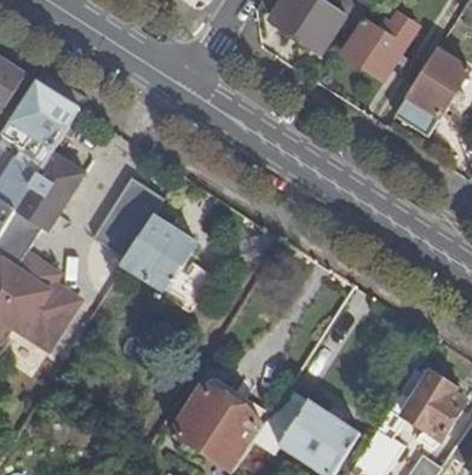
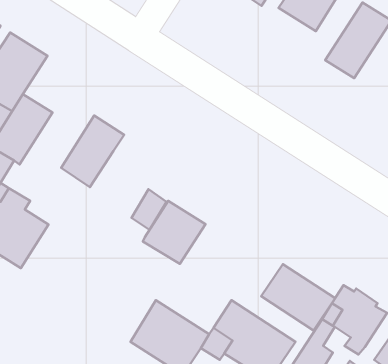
building: [125,216,196,287] -> [143,201,206,264]
building: none -> [261,264,335,330]

